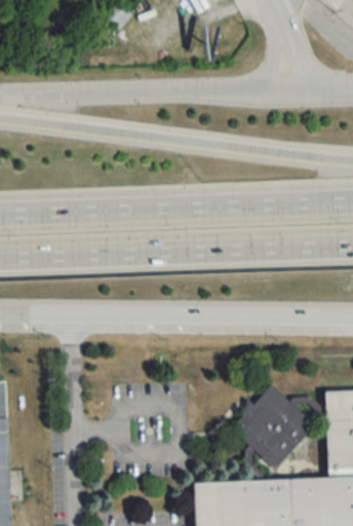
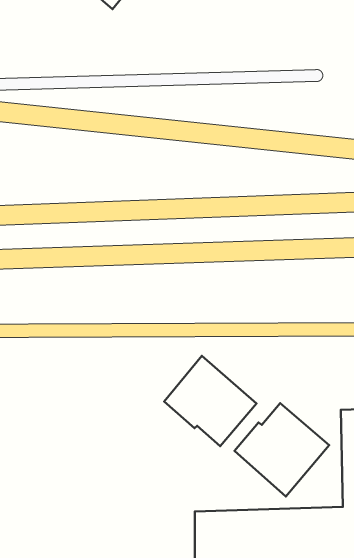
building: none -> [164,356,257,446]

